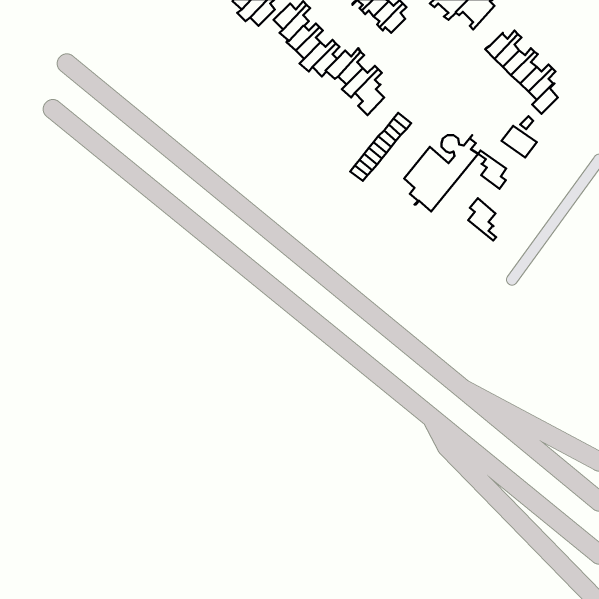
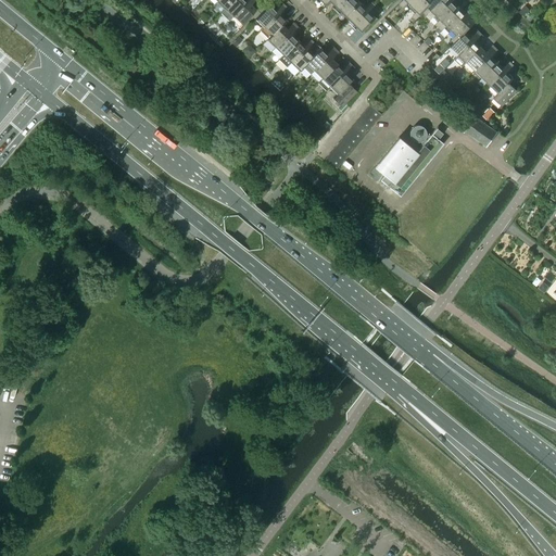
building: none -> [438,4,476,45]
building: [478,151,506,189] -> none
building: [468,198,496,241] -> none

